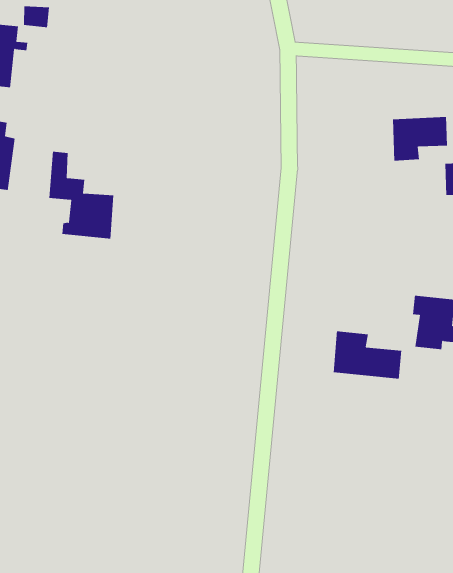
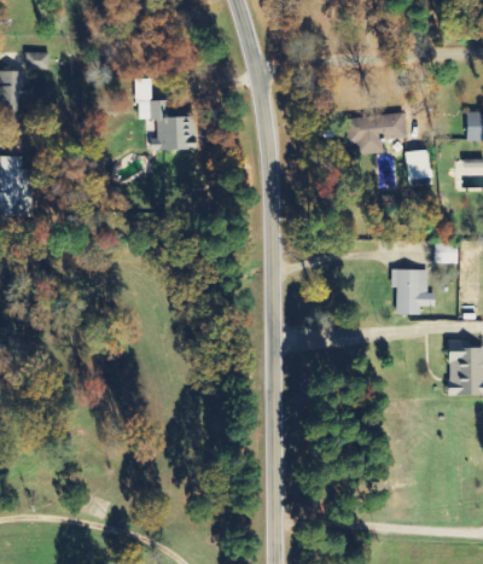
building: [49,151,114,239] -> [136,77,196,149]
building: [333,331,402,380] -> none

